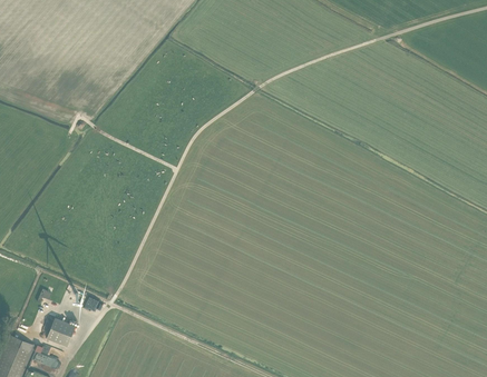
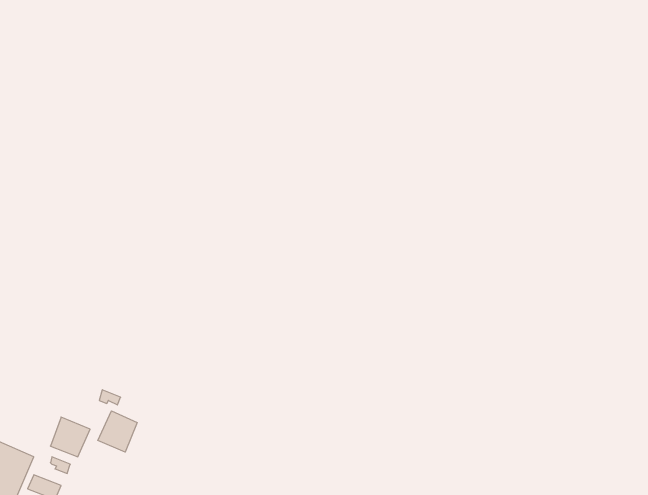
building: none -> [98,411,137,452]

